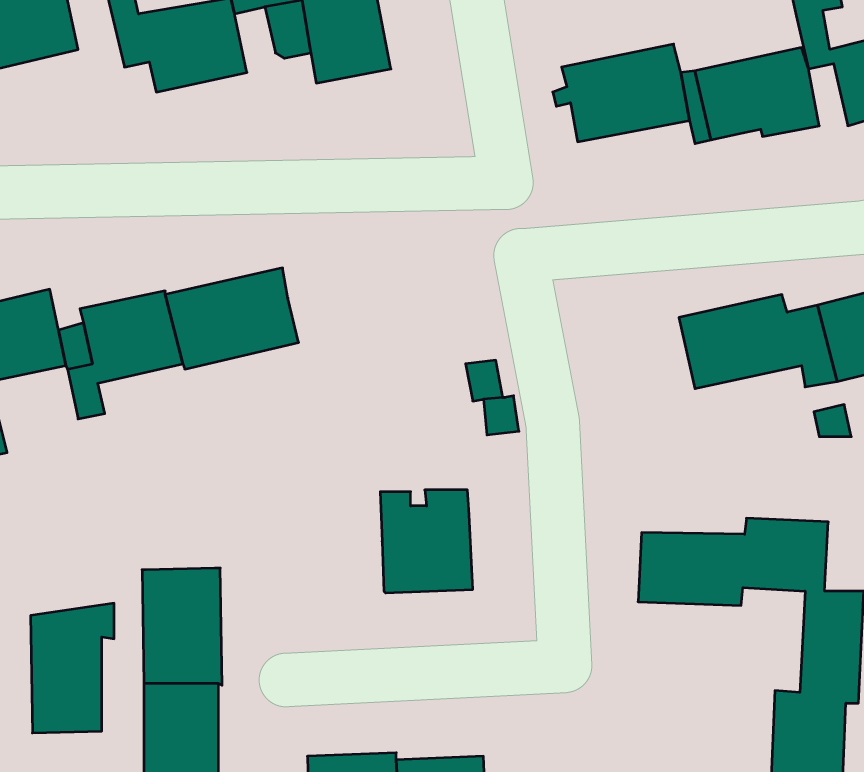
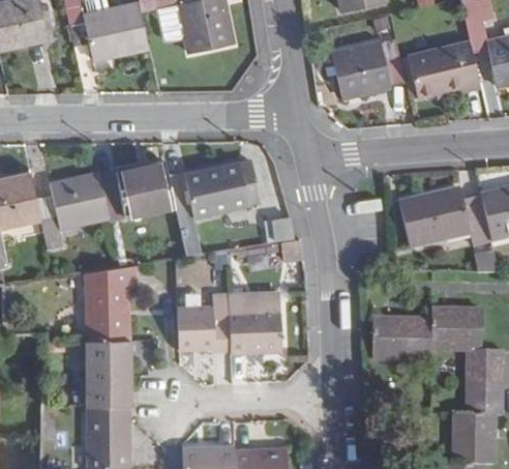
building: none -> [171,165,262,257]
building: none -> [176,294,227,352]
building: [31,603,114,733] -> [87,264,136,340]

